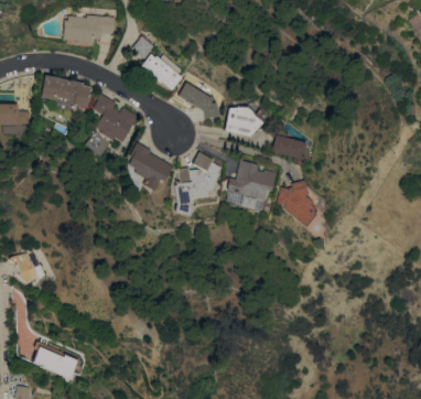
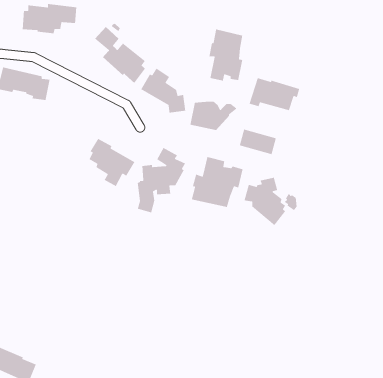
building: none -> [208,29,243,81]
building: none -> [249,77,300,111]
building: [91,94,139,142] -> none

